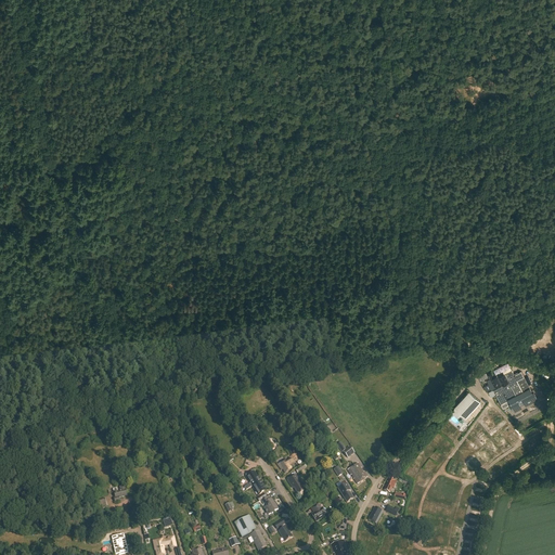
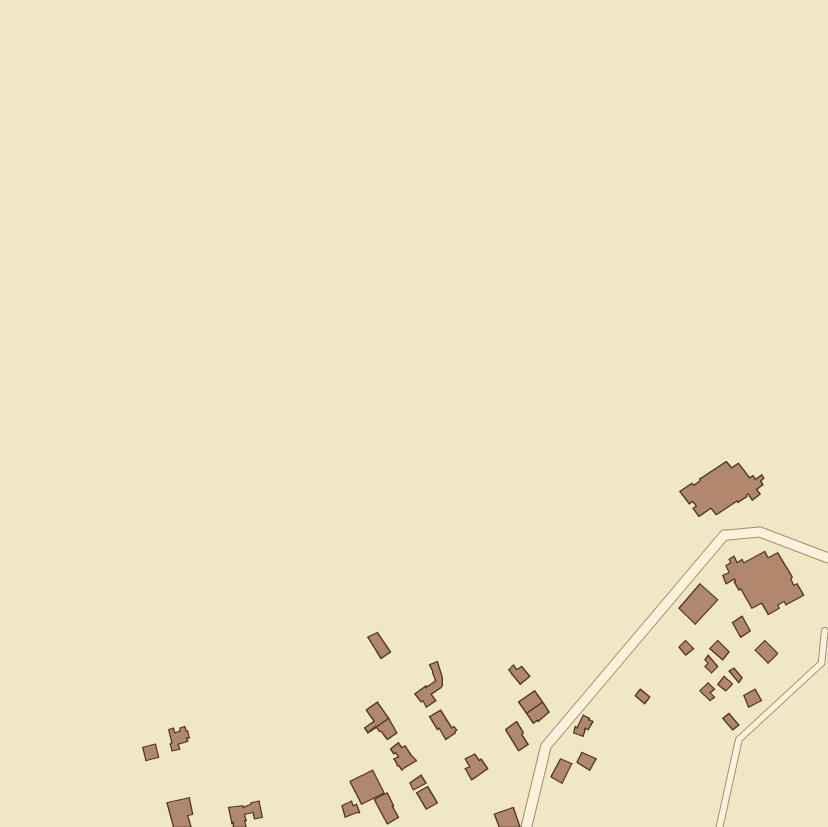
building: none -> [680,462,764,516]

